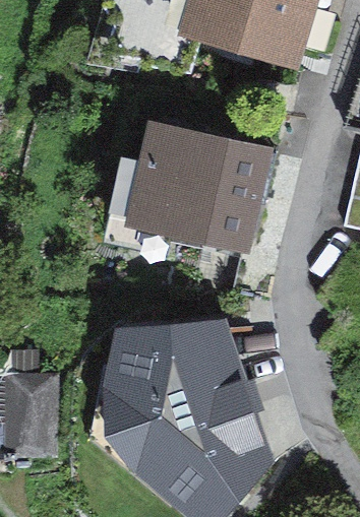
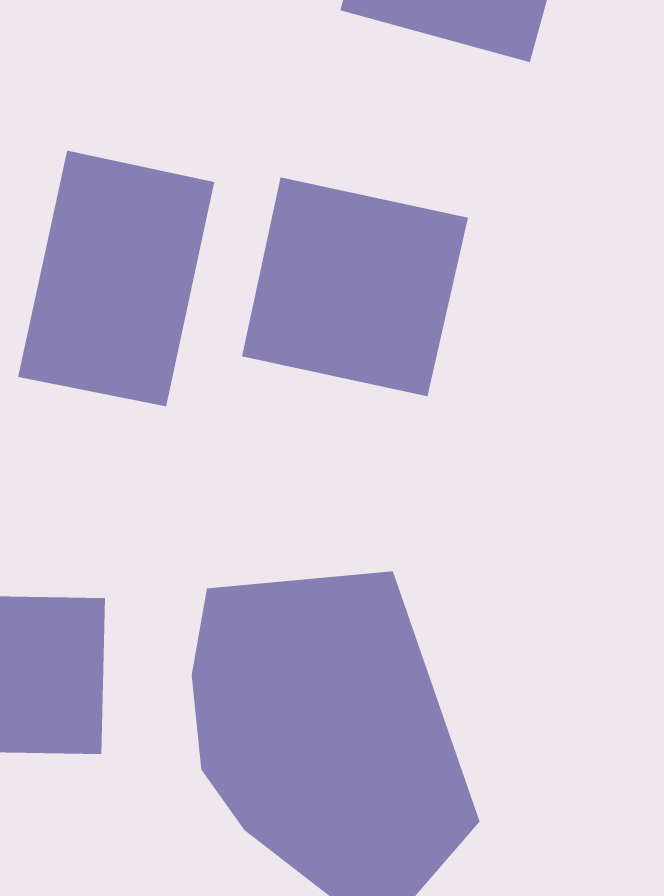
building: none -> [18,150,215,407]

